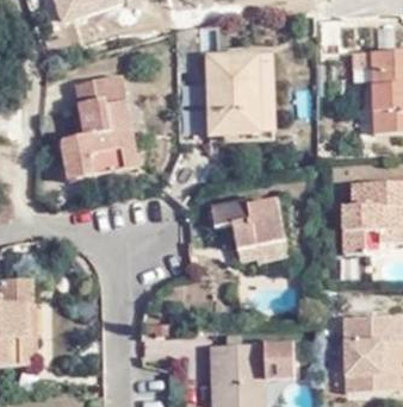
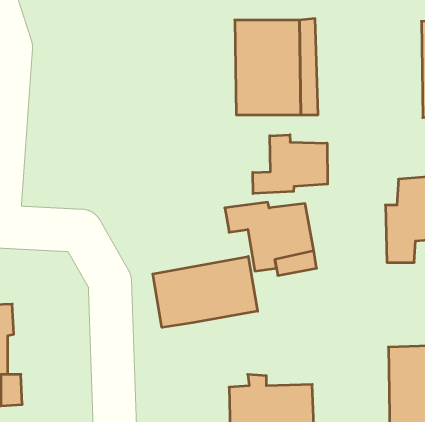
building: [62,79,141,183] -> none
building: none -> [253,135,328,194]
building: none -> [153,256,258,327]

